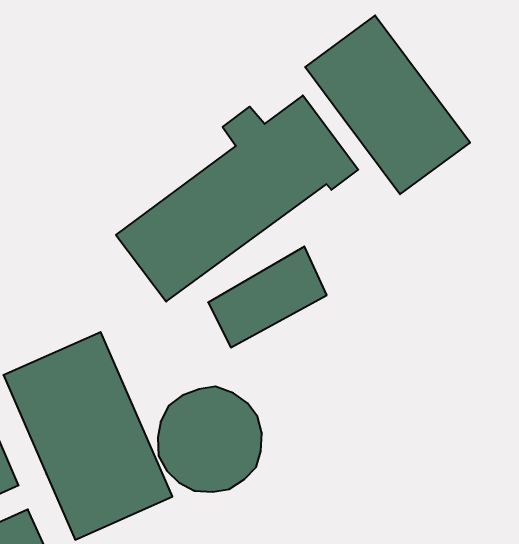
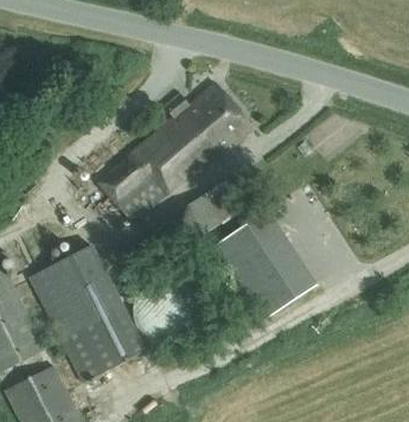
building: [305,15,470,194] -> none
building: none -> [211,209,317,321]

